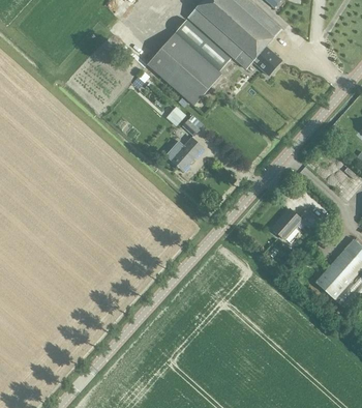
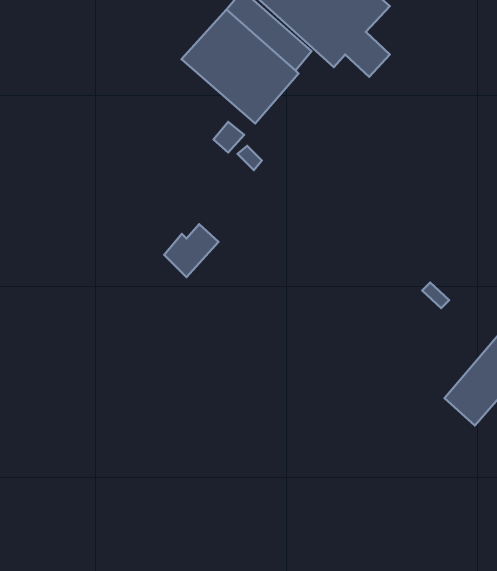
building: [168,137,203,171] -> [164,224,219,277]
building: [271,208,301,239] -> none

